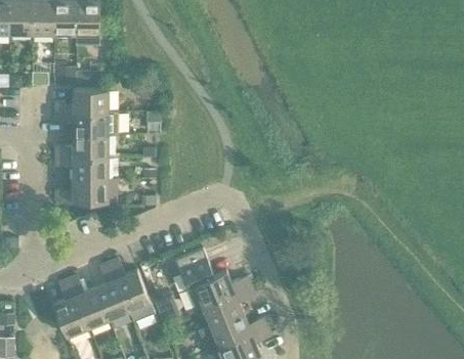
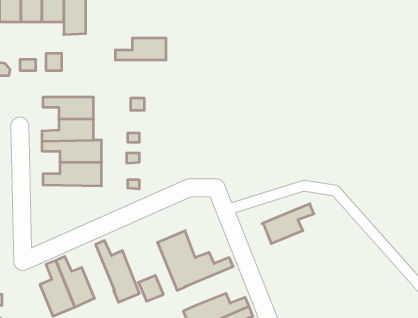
building: [55,89,108,111] -> [115,38,166,60]
building: [95,263,129,318] -> none
building: [202,285,255,326] -> [262,204,314,244]

